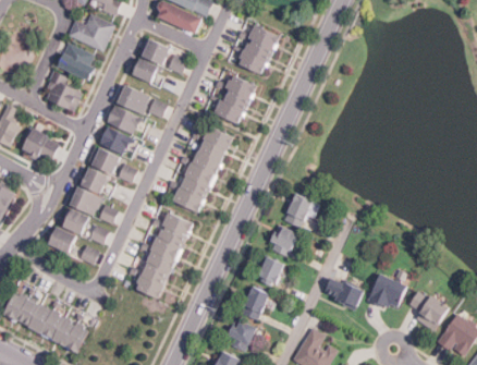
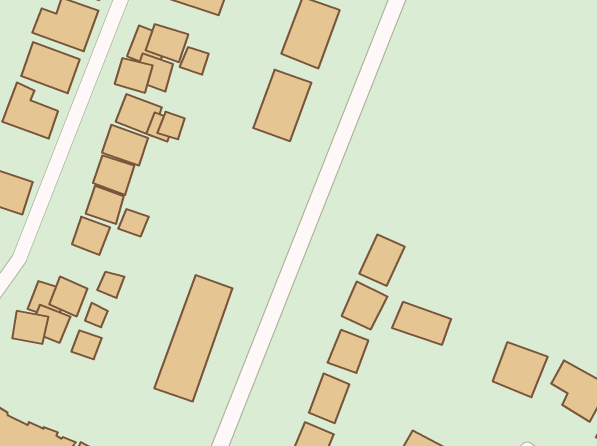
building: [174,124,233,212] -> none
building: [73,185,102,214] -> none
building: [322,277,364,308] -> [392,302,451,345]

